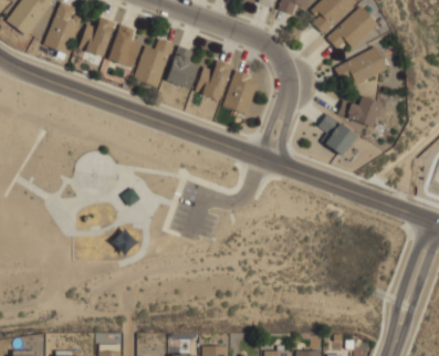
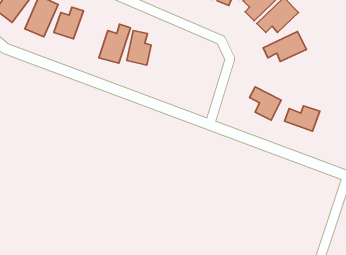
building: [107,24,139,67] -> none
building: [195,60,231,100] -> none
building: [222,71,259,115] -> none
building: [337,96,380,127] -> [285,106,320,131]

